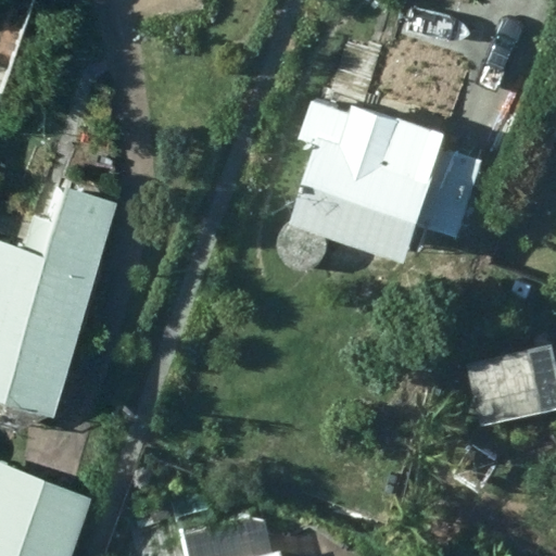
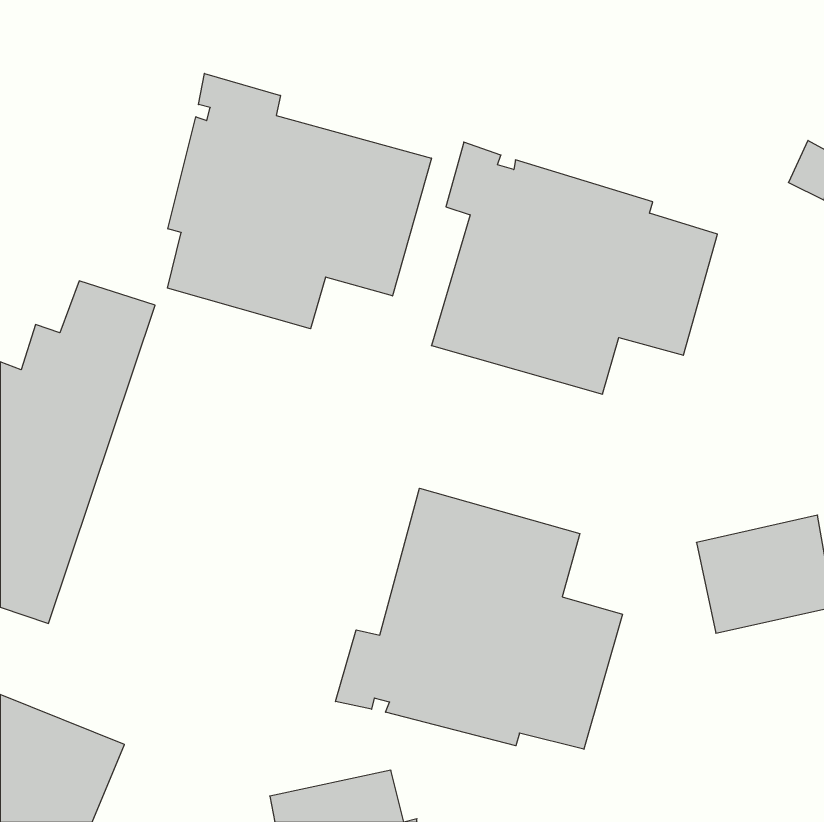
building: none -> [168,73,431,329]
building: none -> [336,488,622,749]

